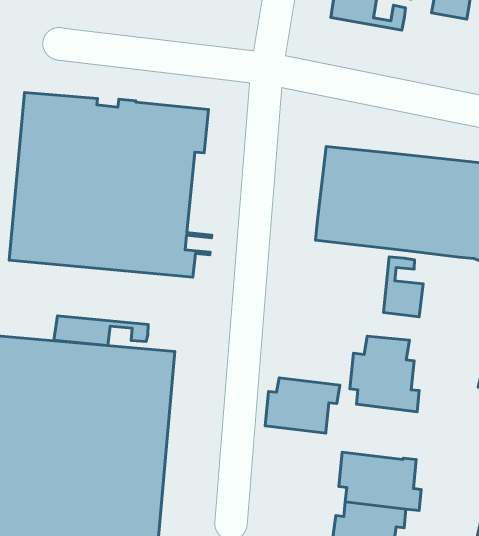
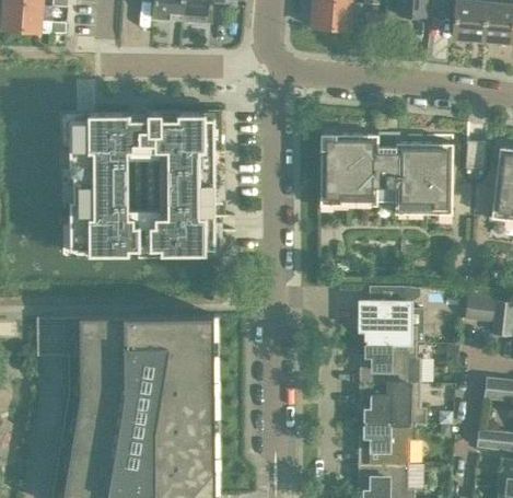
building: [384,257,423,317] -> none
building: [54,316,148,346] -> none
building: [265,378,340,433] -> [359,344,417,385]

